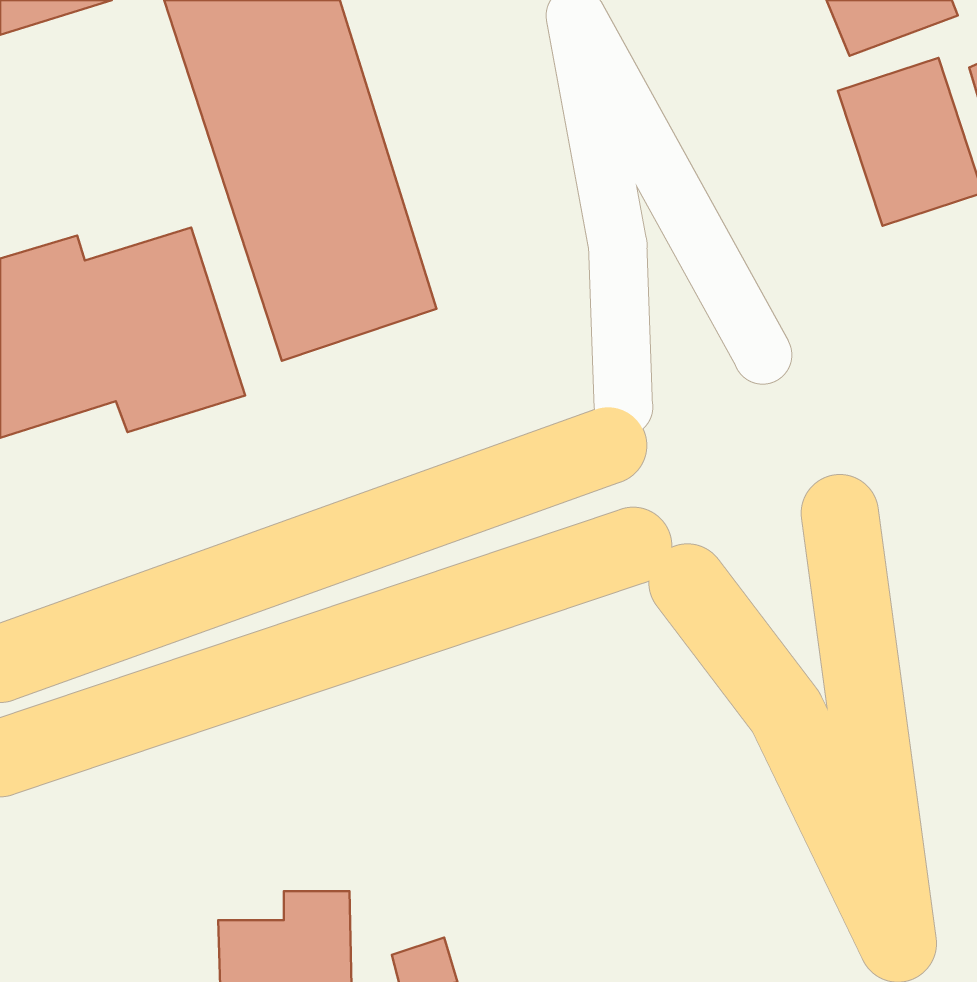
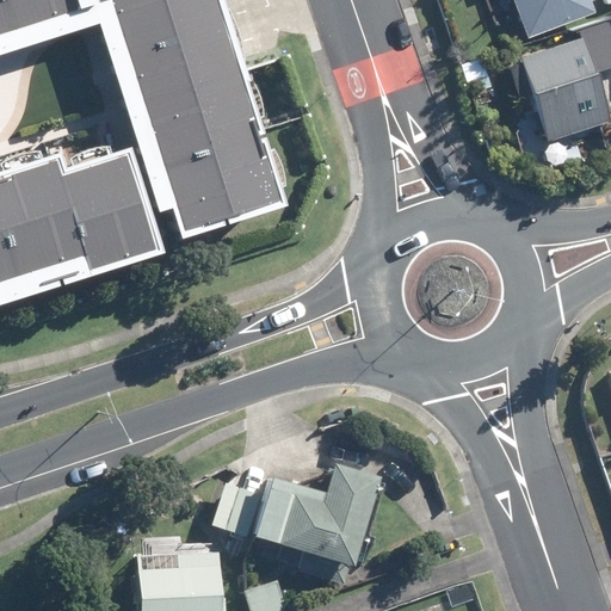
building: none -> [224,462,381,584]

